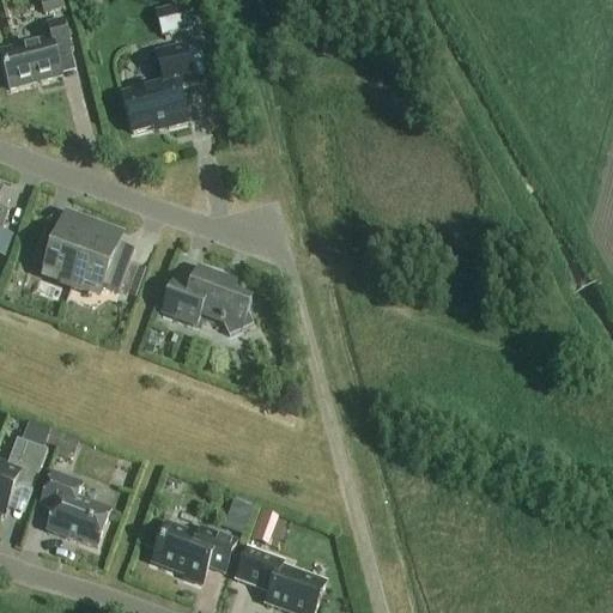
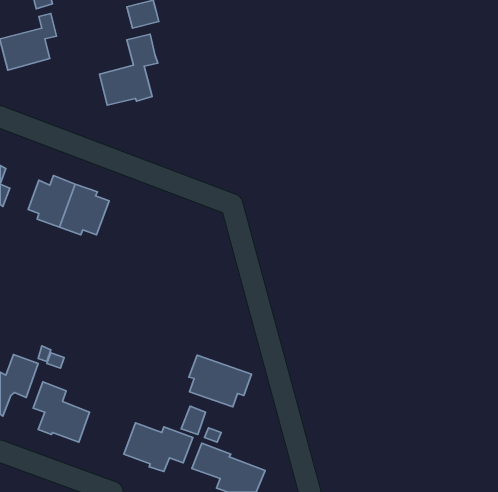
building: [162,266,253,332] -> none
building: none -> [189,355,251,407]

